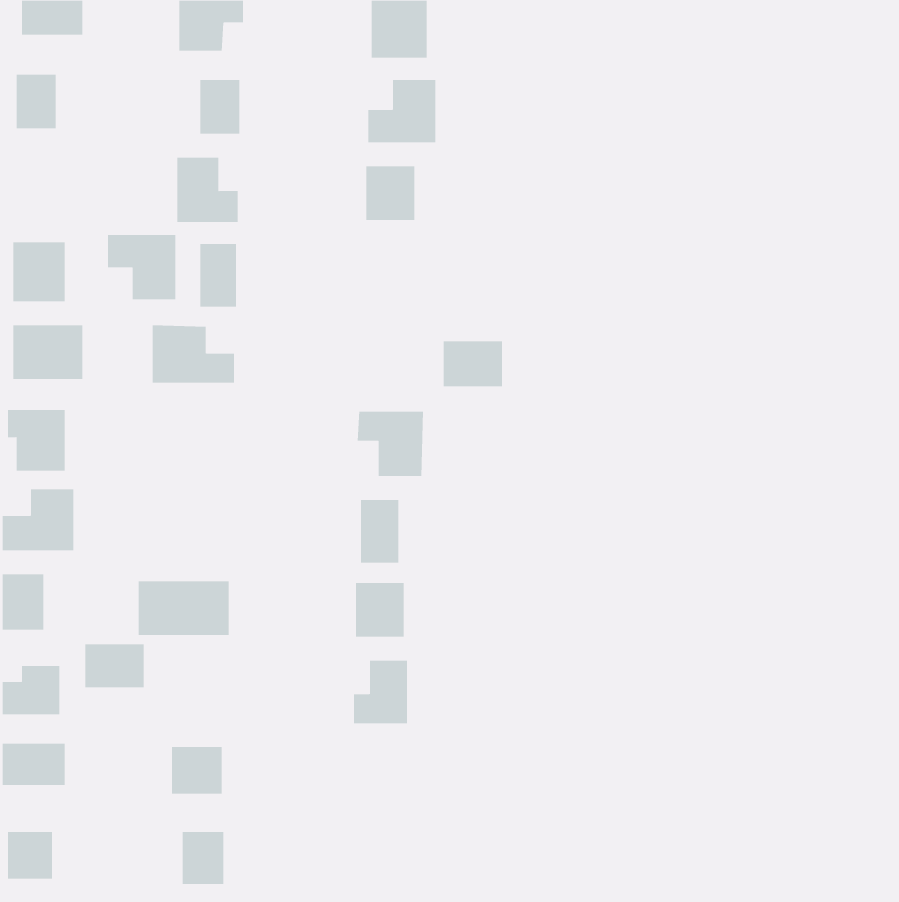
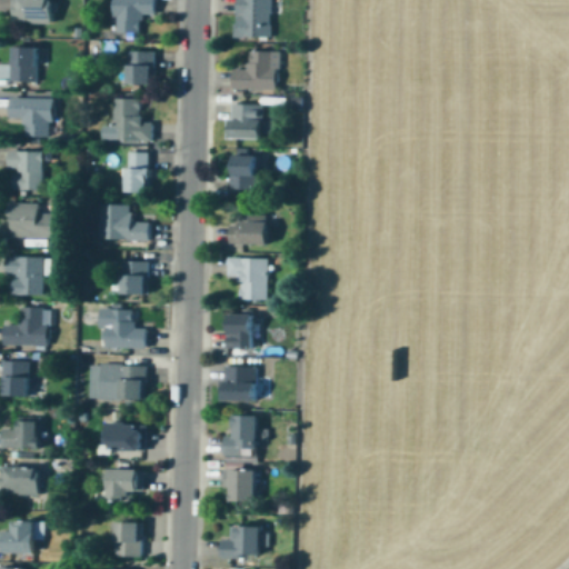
building: [107,234,176,300] -> [8,98,51,139]
building: none -> [230,154,258,190]
building: [443,341,503,387] -> [230,216,268,244]
building: none -> [121,262,147,296]
building: none -> [104,311,146,349]
building: [85,644,145,688] -> [104,423,142,451]
building: none -> [228,465,254,503]
building: none -> [220,528,260,559]

